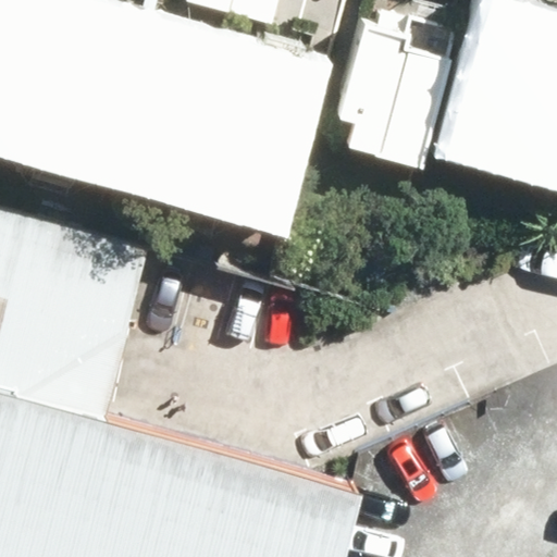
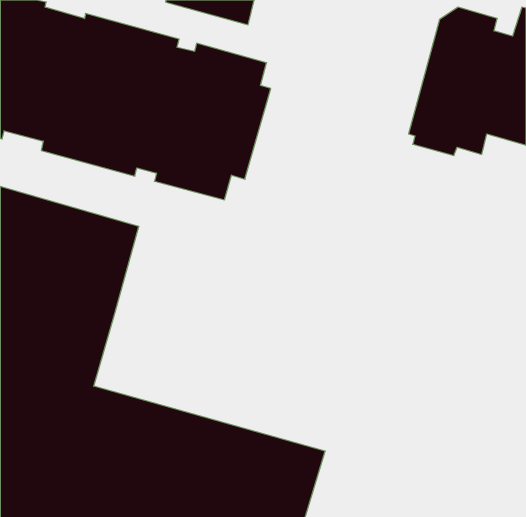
building: [317,18,438,182] -> none

